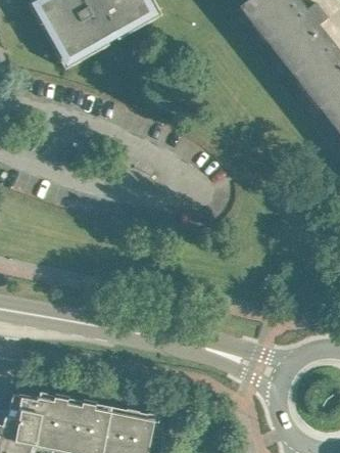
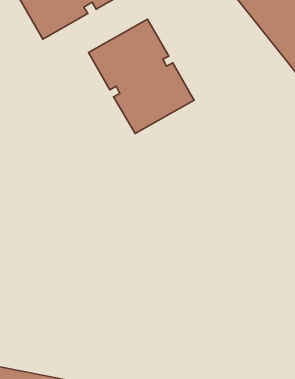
building: none -> [89,19,194,134]

